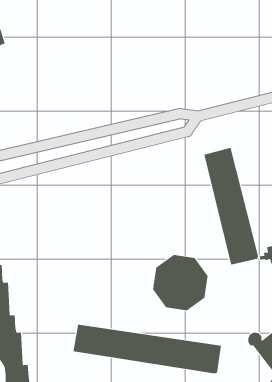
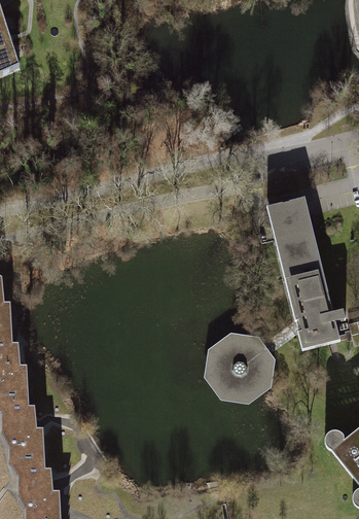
building: [73,324,221,374] -> none

